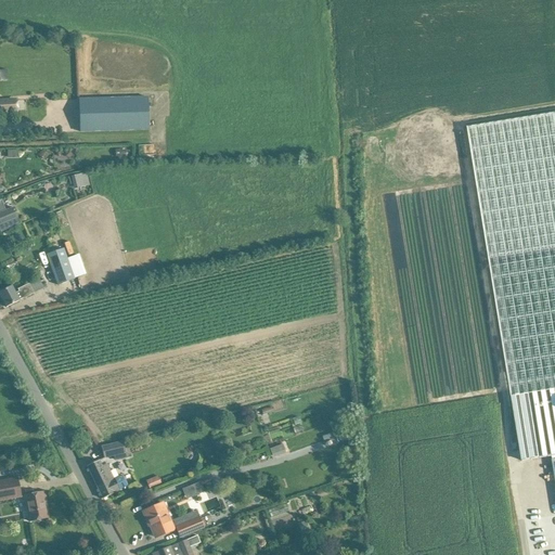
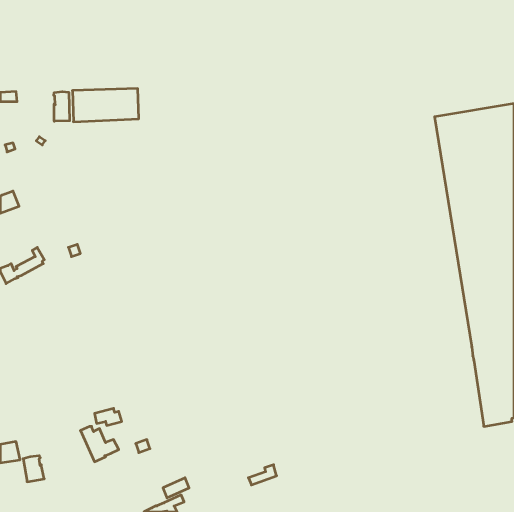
building: none -> [54,92,70,121]
building: [47,247,74,284] -> none
building: [143,503,172,535] -> none

